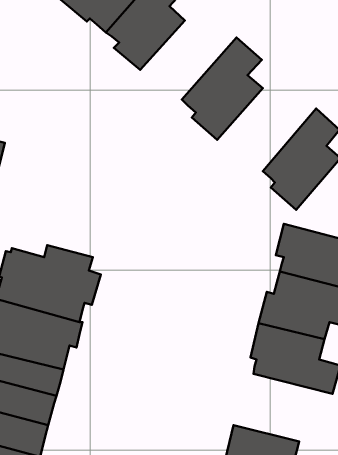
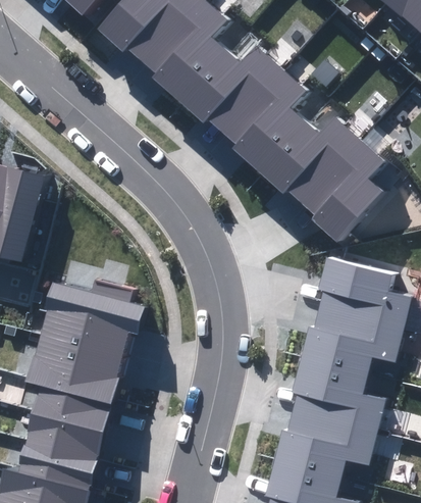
building: none -> [182,48,279,132]
building: none -> [260,118,360,204]
building: none -> [276,408,376,476]

